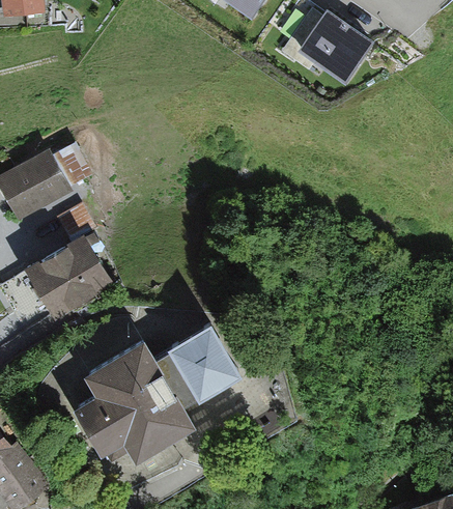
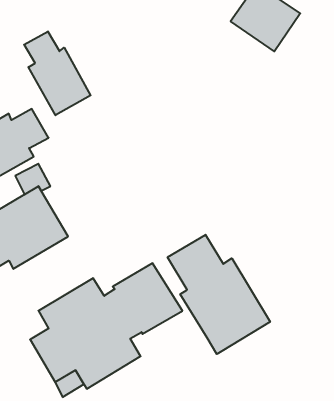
building: none -> [24,31,91,115]
building: none -> [168,235,270,354]

